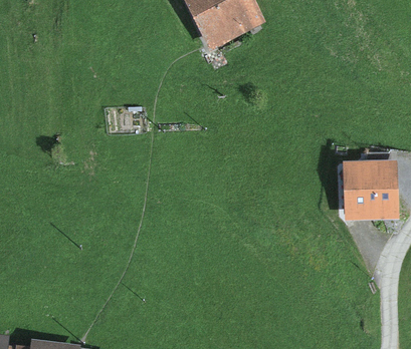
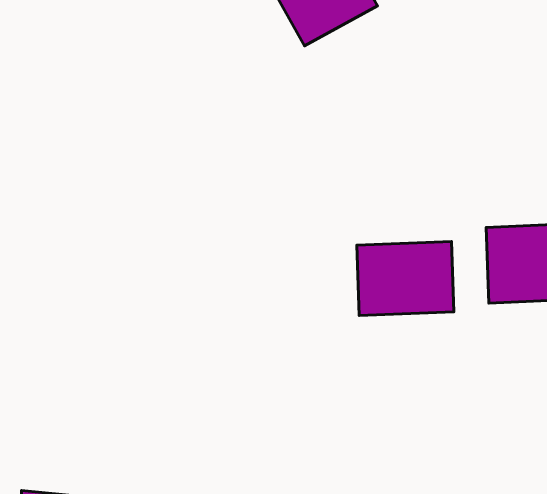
building: none -> [357,241,454,315]

